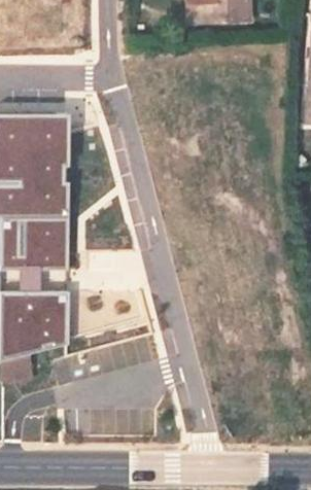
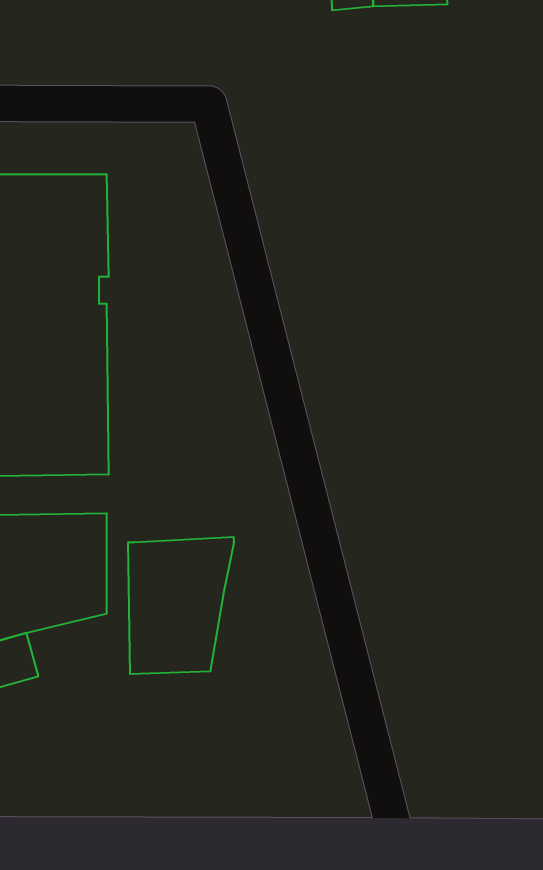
building: none -> [128,537,234,674]

